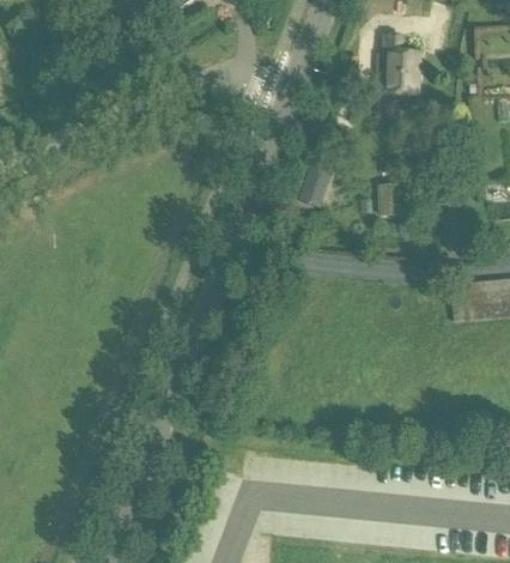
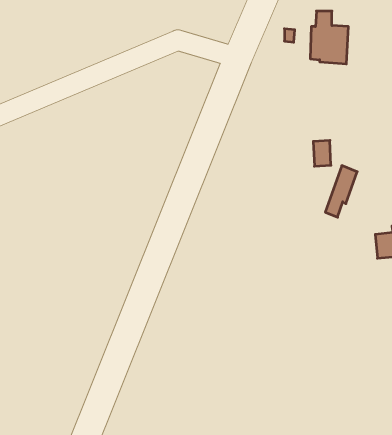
building: [295,161,332,220] -> [325,166,357,217]

